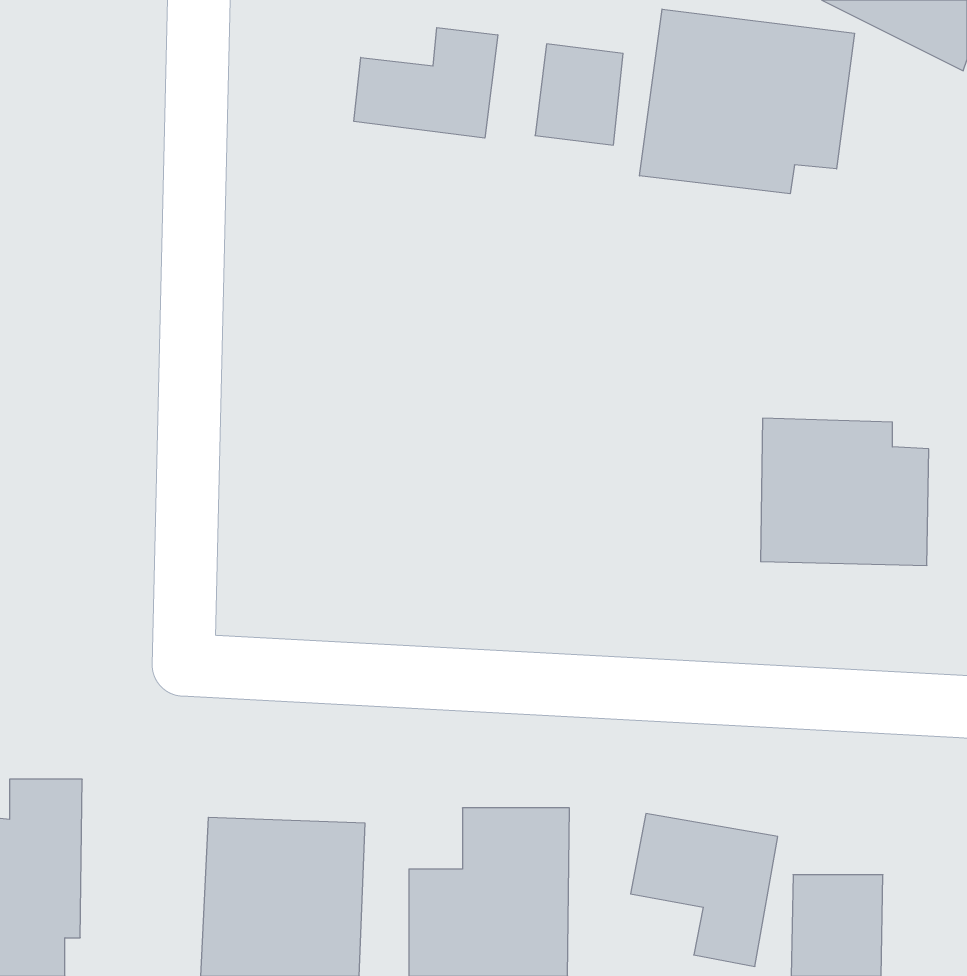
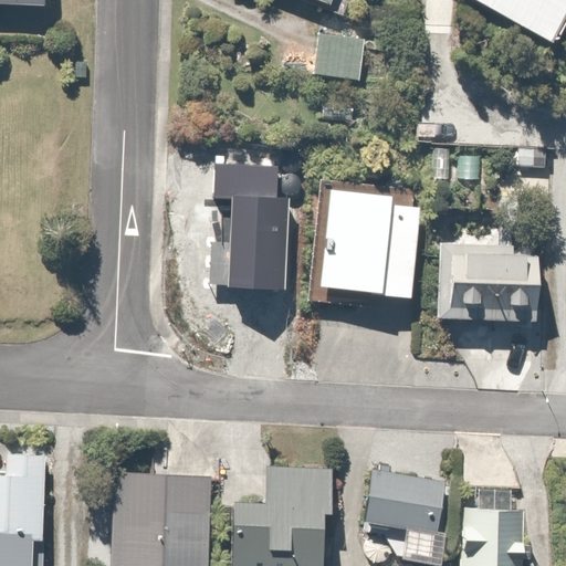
building: [640,9,854,194] -> none
building: [354,28,498,138] -> none
building: none -> [210,161,284,290]
building: none -> [312,181,422,304]

